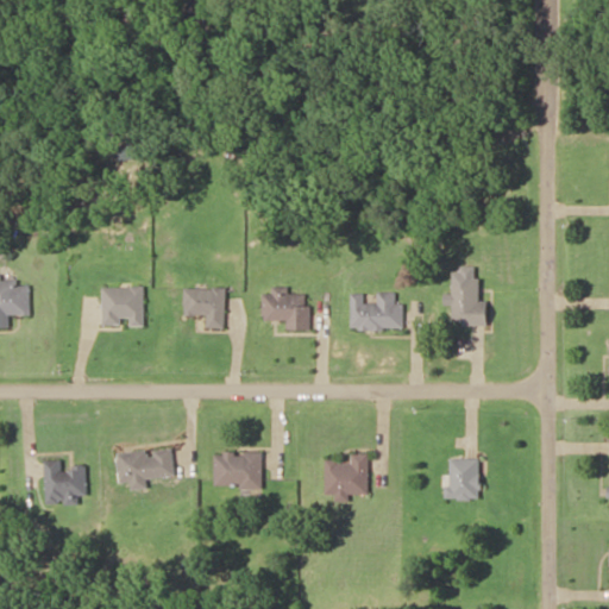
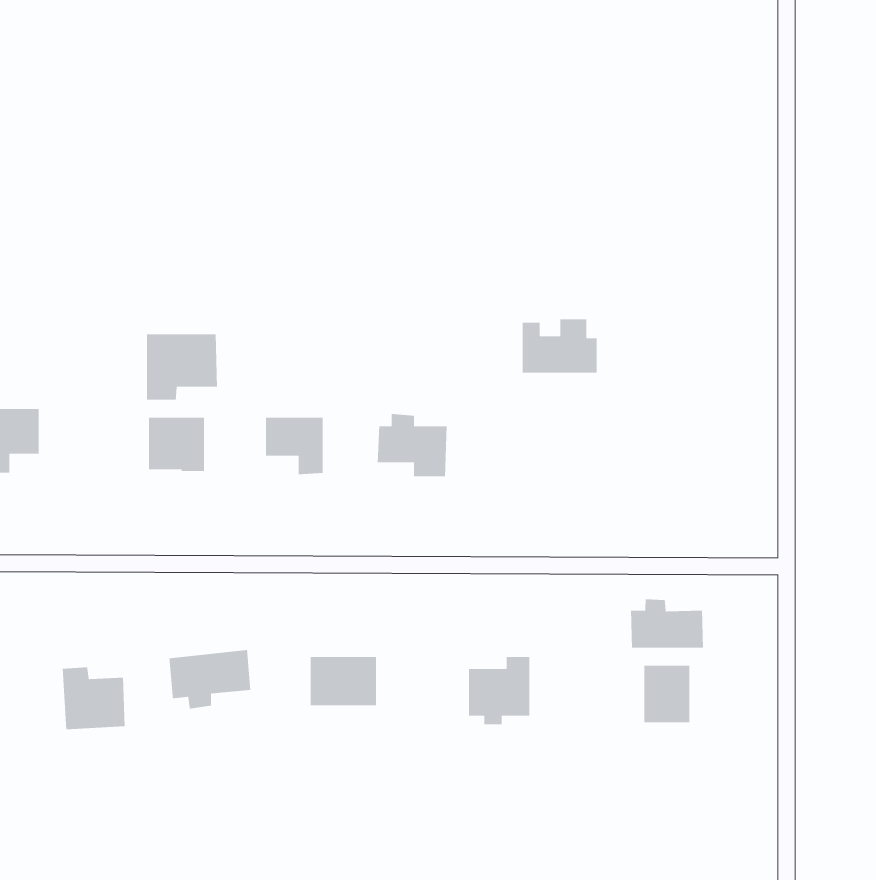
building: none -> [146,334,218,401]
building: [451,276,486,325] -> none
building: [350,291,402,329] -> [522,318,597,374]
building: none -> [630,599,704,649]

